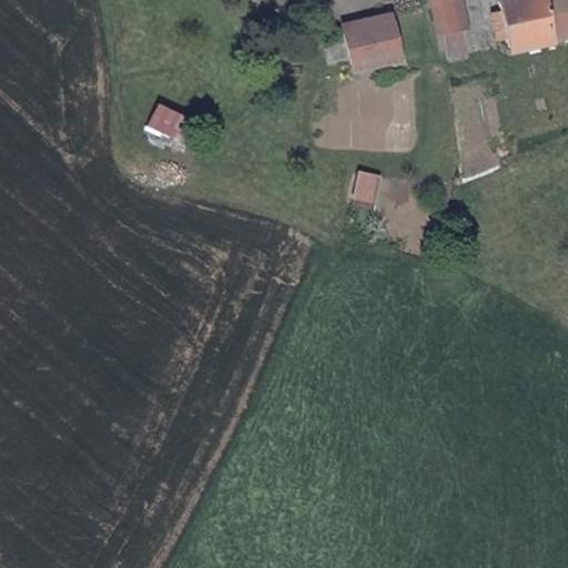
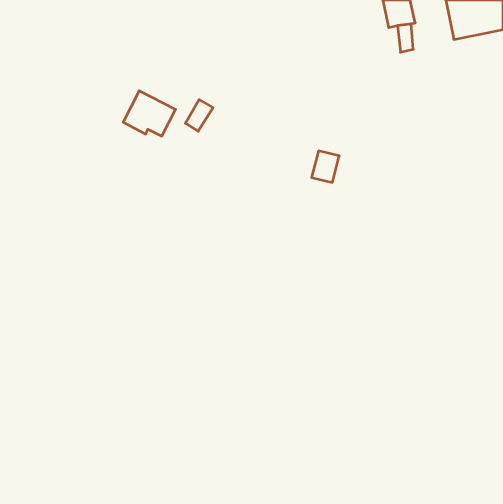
building: [345,12,402,69] -> none

